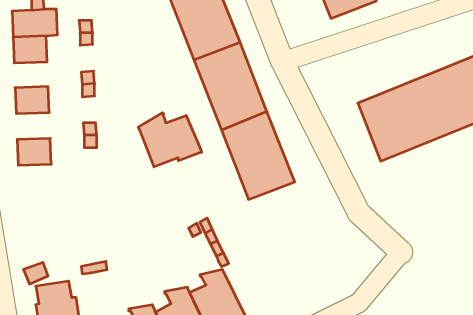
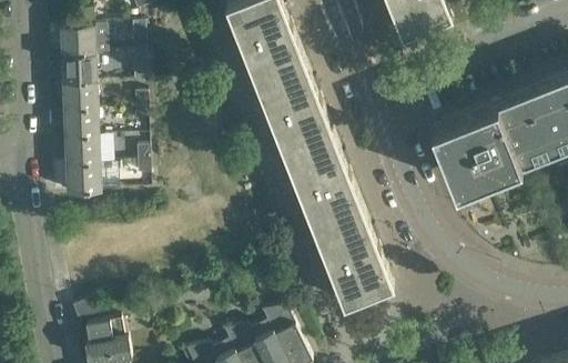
building: none -> [62,89,99,117]
building: none -> [64,143,101,172]
building: [138,113,202,167] -> none
building: none -> [314,218,394,311]

